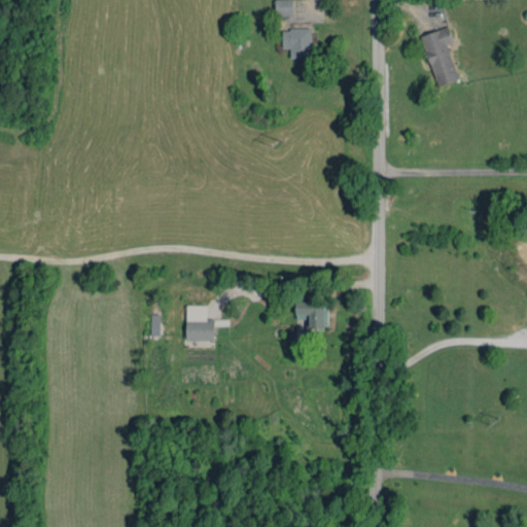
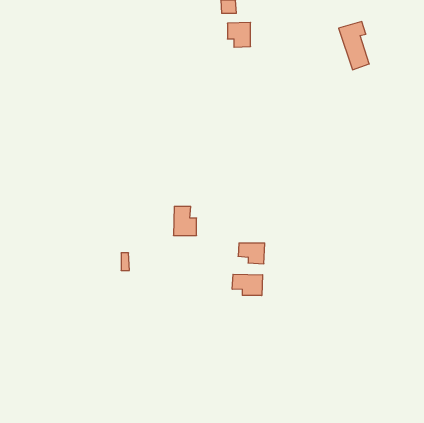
building: [185,306,214,342] -> [173,206,197,235]
building: none -> [232,274,263,296]

